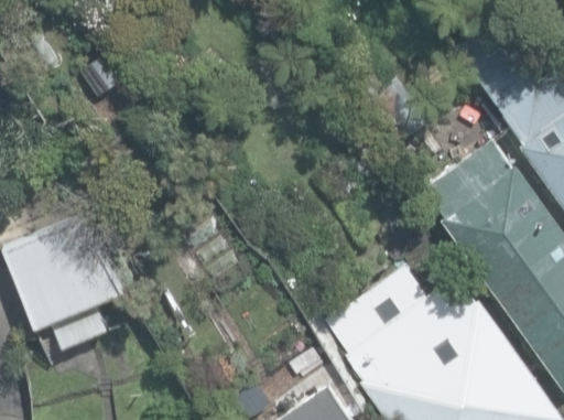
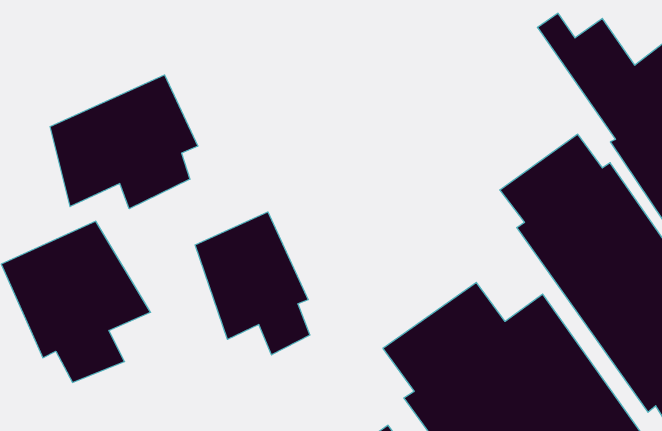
building: none -> [50,75,198,209]
building: none -> [195,212,310,355]

